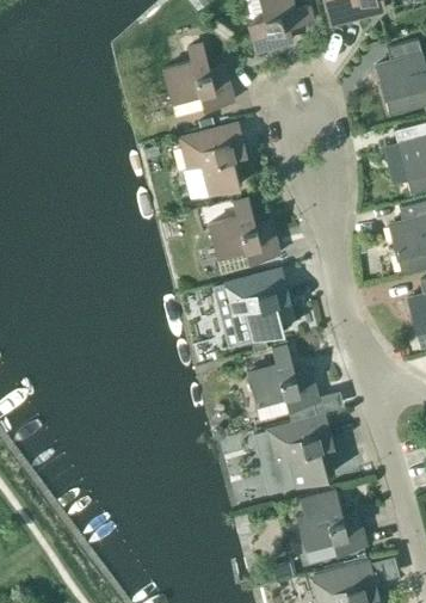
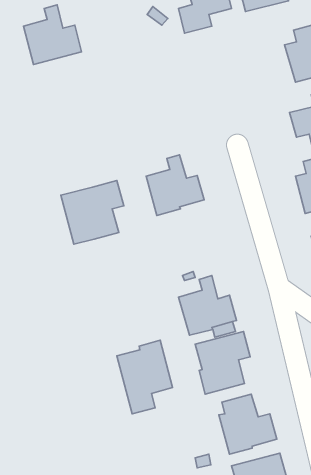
building: [162,43,233,116] -> [24,5,82,65]
building: [180,122,247,197] -> none
building: [214,267,290,345] -> [61,180,124,244]
building: none -> [117,340,172,414]

